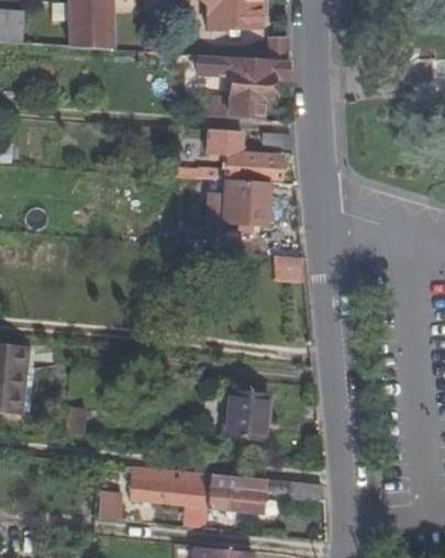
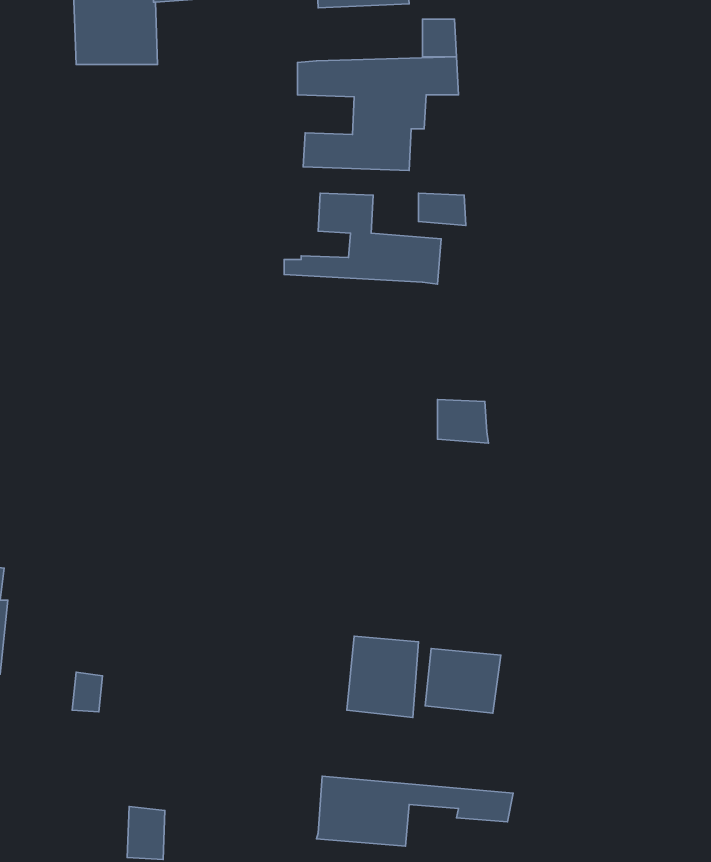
building: [169,179,269,230] -> none
building: none -> [425,649,501,713]
building: [131,466,211,505] -> none

